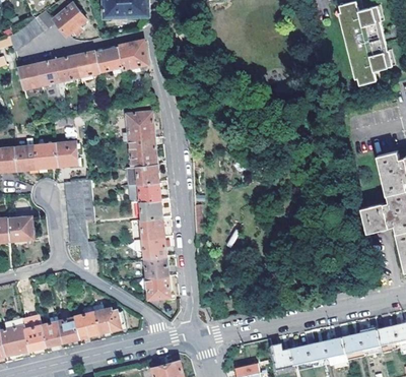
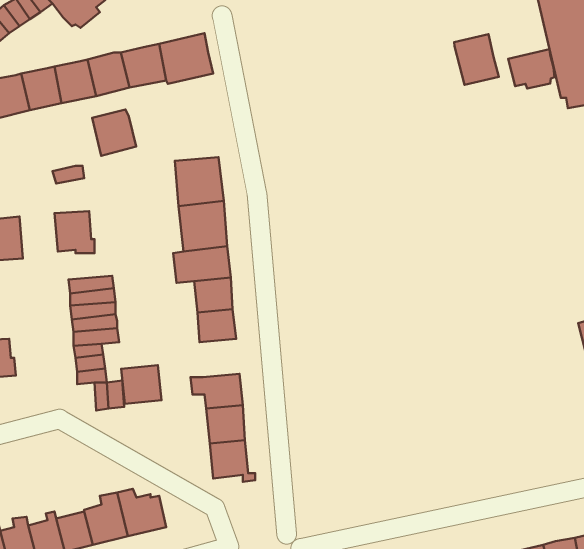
building: none -> [454,34,499,85]
building: none -> [508,49,554,88]
building: none -> [92,109,136,156]
building: [37,144,59,171] -> none
building: [141,217,164,240] -> [121,365,161,404]

